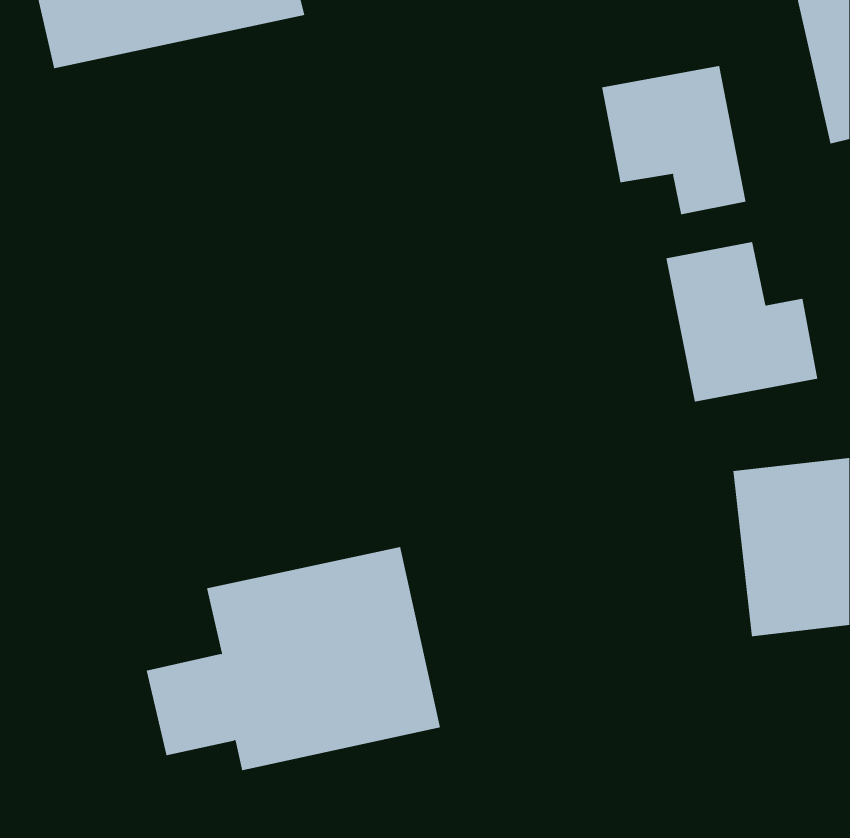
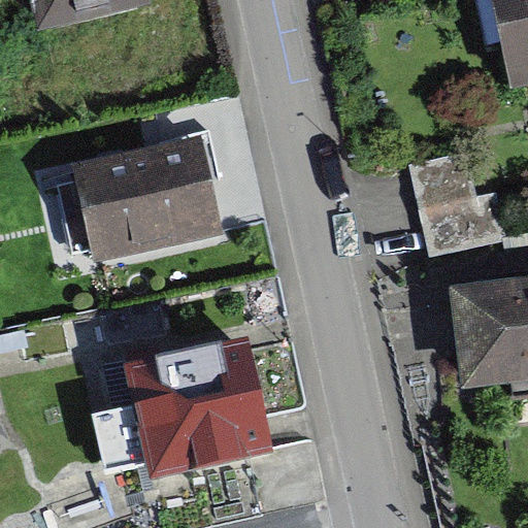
building: [602,65,746,215] -> none
building: none -> [70,120,252,270]

